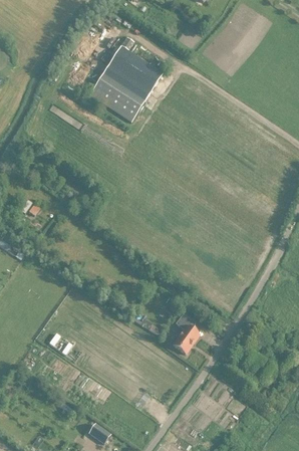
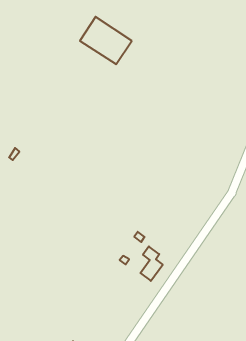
building: [88,72,143,120] -> none

